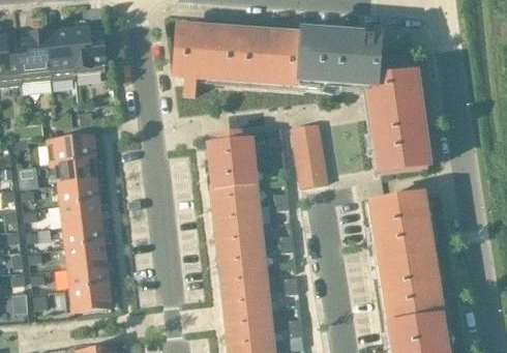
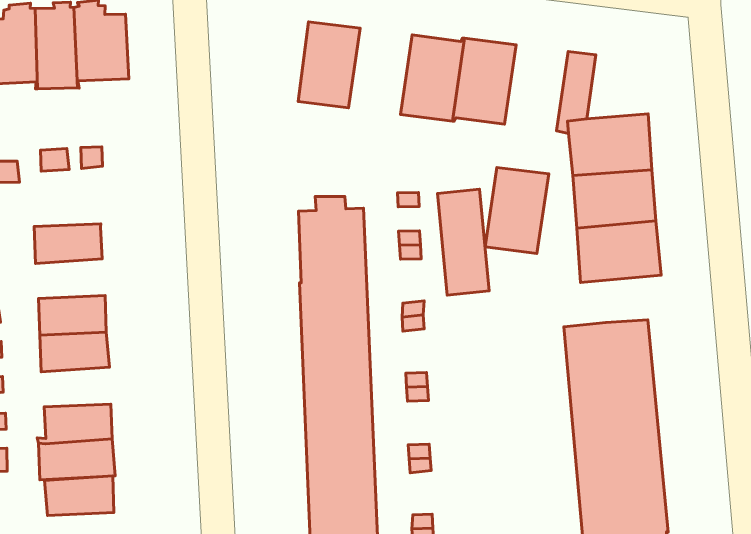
building: [173,27,209,78] -> none
building: [236,32,271,82] -> none
building: [329,36,364,86] -> [485,167,549,254]
building: [47,136,95,163] -> none
building: [56,178,98,204] -> none
building: [63,242,106,268] -> [44,476,114,516]

